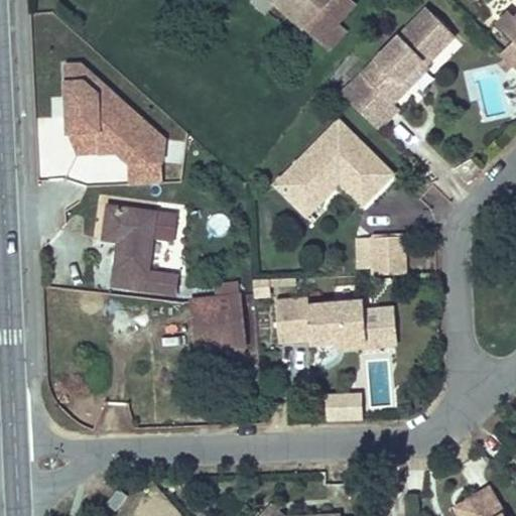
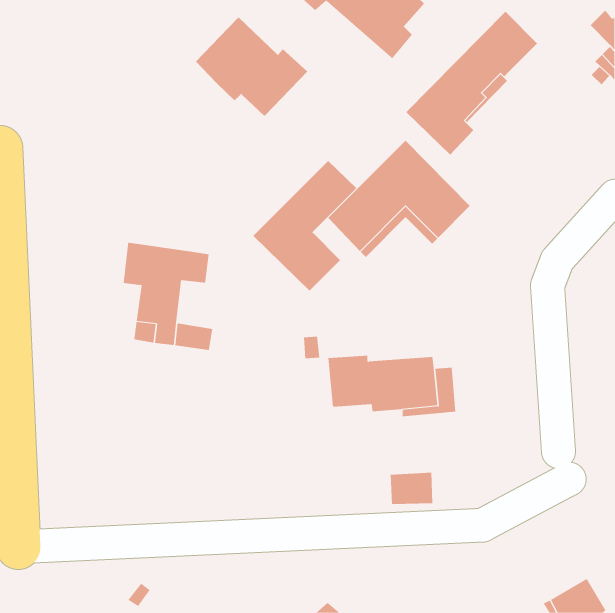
building: none -> [195,17,308,117]
building: [64,64,164,184] -> none
building: none -> [253,160,357,292]
building: [371,234,406,273] -> none
building: [192,295,236,349] -> none

